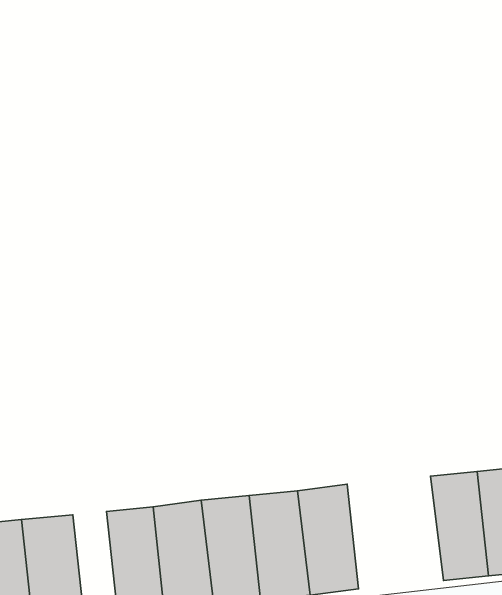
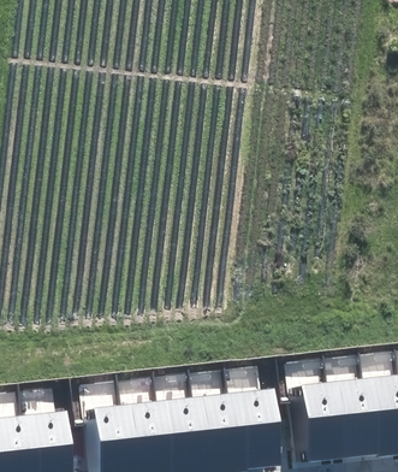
building: none -> [298,382,343,464]

